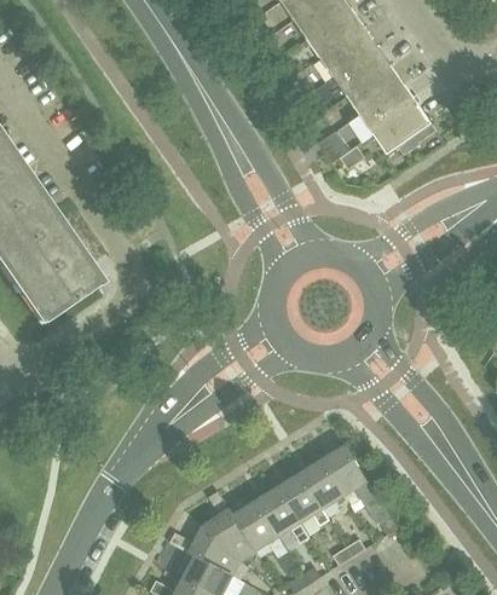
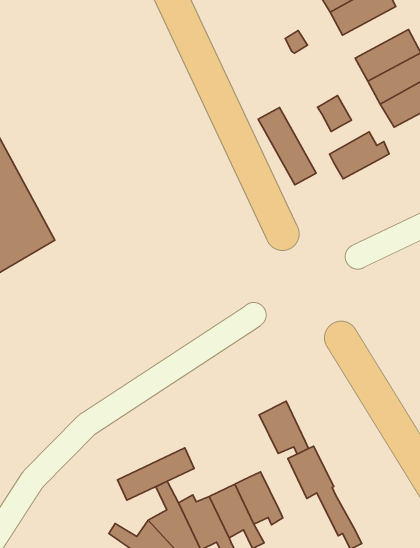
building: [334,46,392,96] -> none
building: none -> [258,108,316,185]
building: none -> [329,132,389,179]
building: [301,458,348,506] -> [259,401,309,454]
building: none -> [118,448,194,500]

